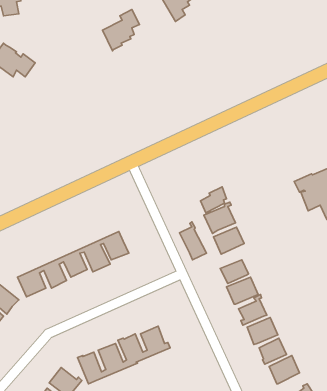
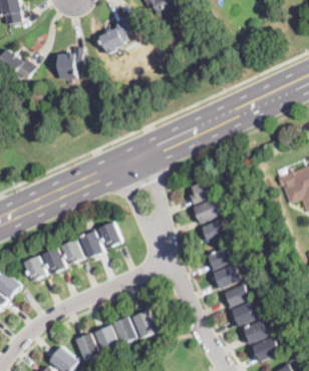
building: none -> [57,47,83,79]
building: [180,222,206,260] -> none

